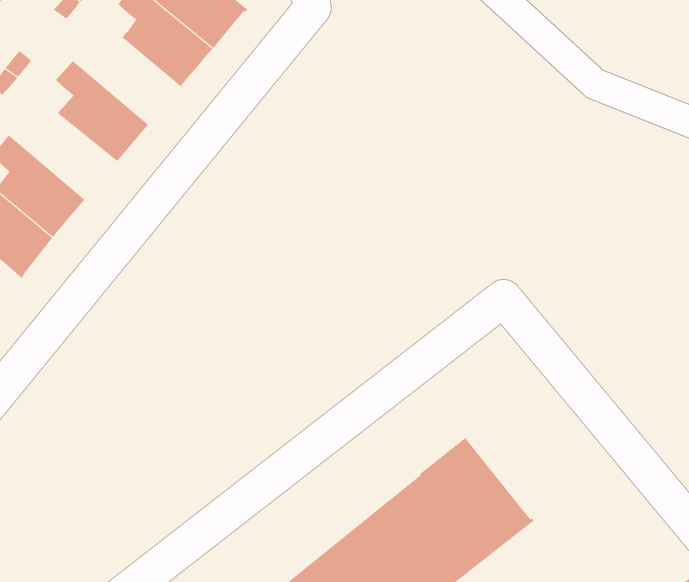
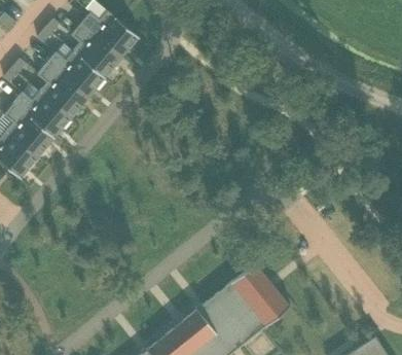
building: none -> [46,51,104,98]
building: none -> [12,92,70,138]

